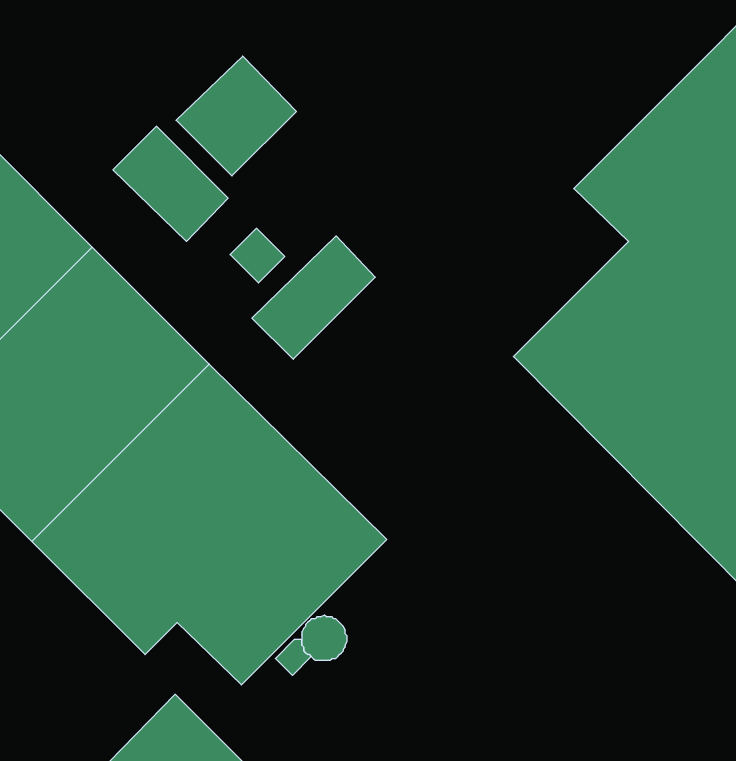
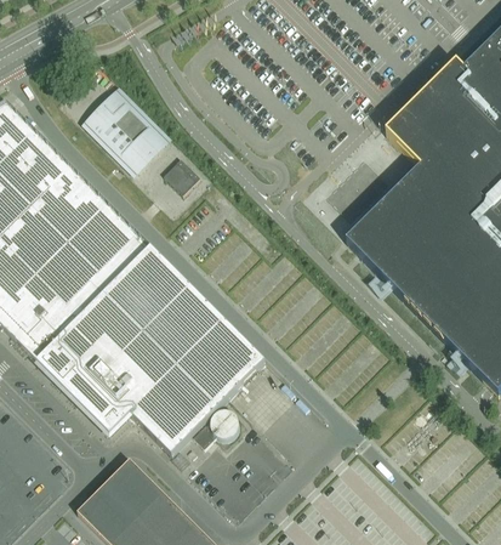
building: [176,56,296,176] -> none
building: [252,236,375,359] -> none

